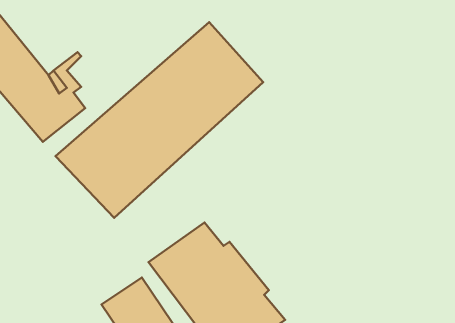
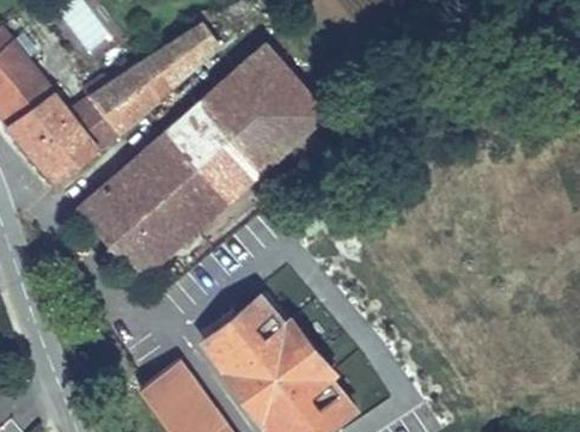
building: none -> [90,20,222,147]

